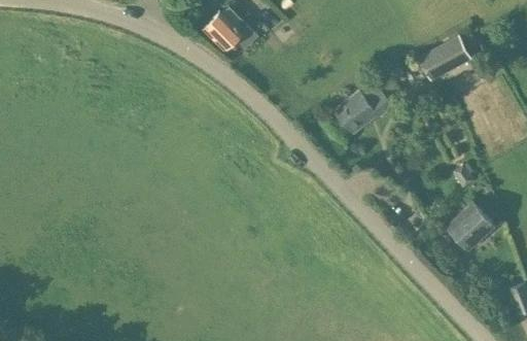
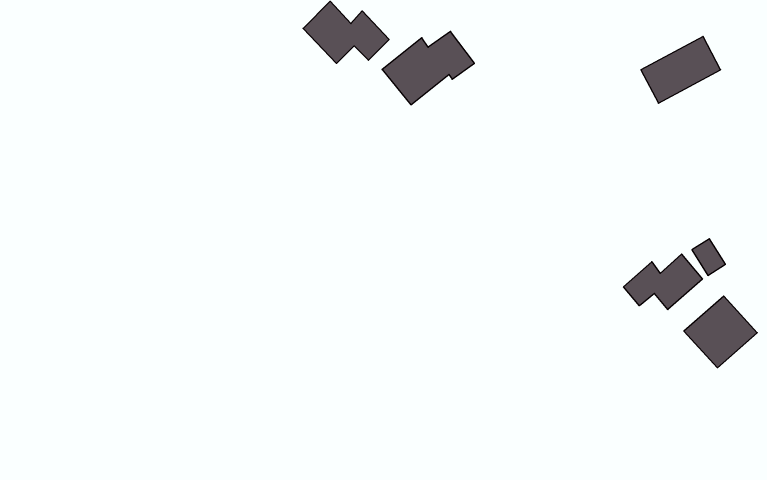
building: [335,87,394,134] -> [382,31,474,105]
building: none -> [624,254,702,310]

